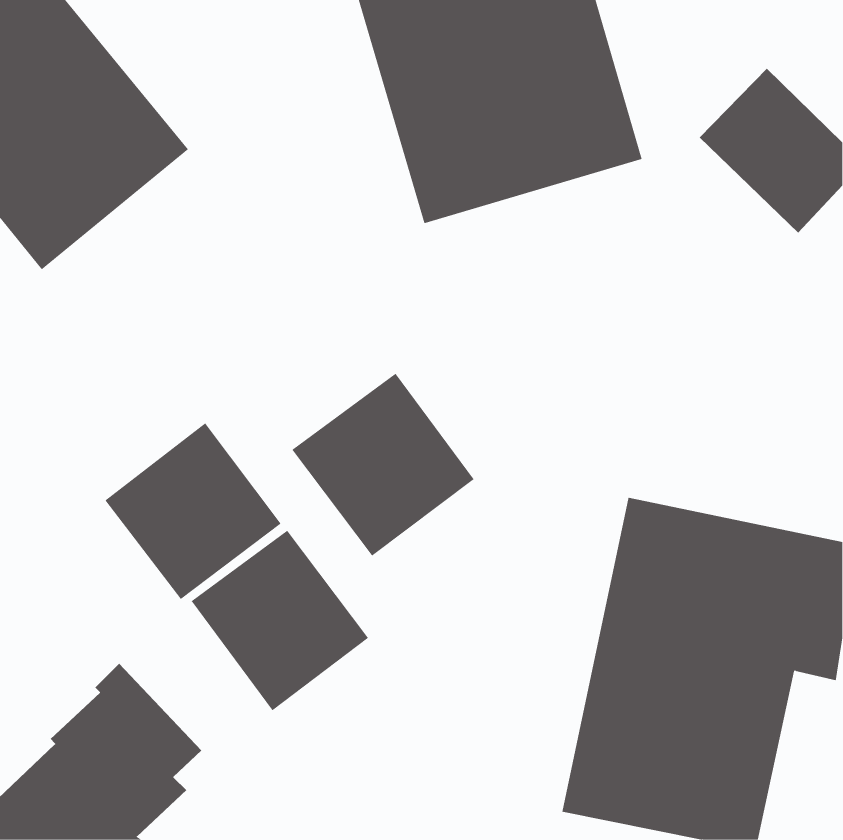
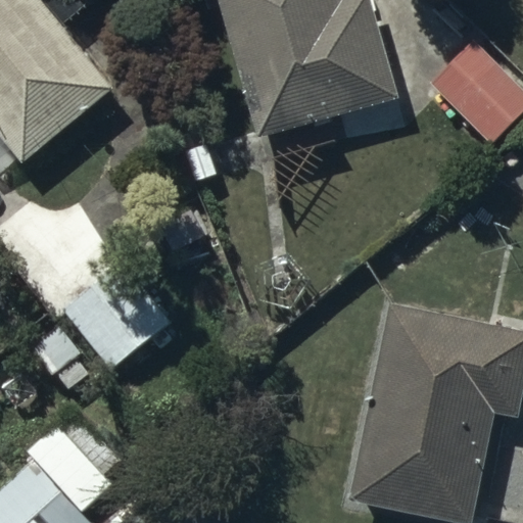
building: [292,373,474,556] -> none
building: [191,530,369,711] -> none

